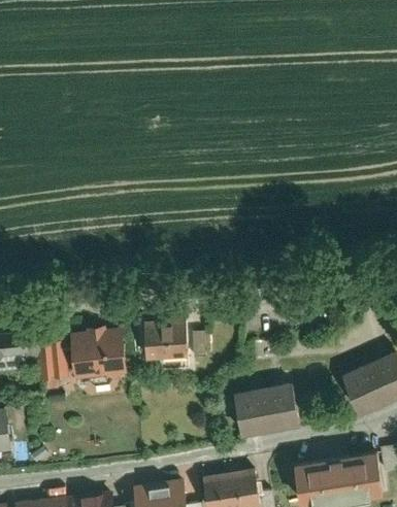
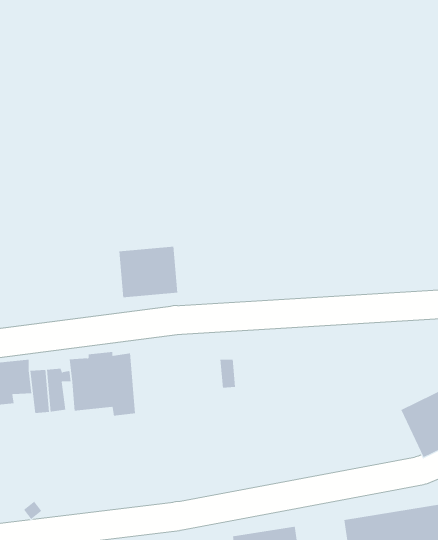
building: [140,313,189,356] -> [119,246,178,298]
building: [233,375,299,431] -> none

